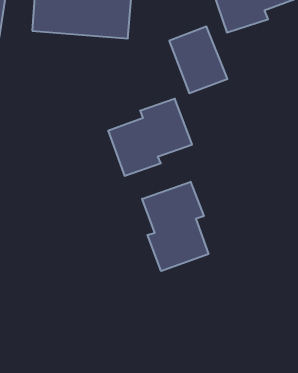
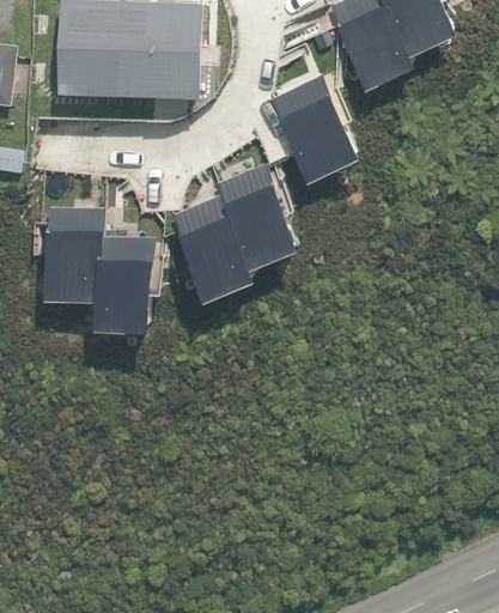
building: none -> [42,207,154,330]
building: [142,182,208,271] -> none

